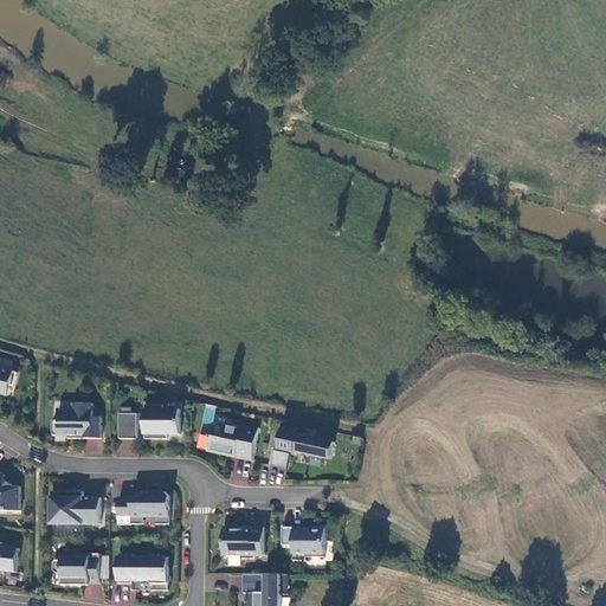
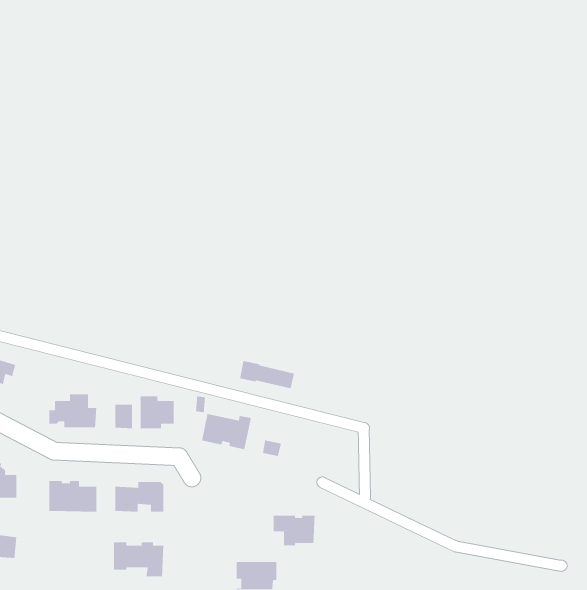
building: [277,430,334,459] -> [239,360,295,389]
building: [215,527,263,559] -> none
building: [51,553,98,585] -> none

